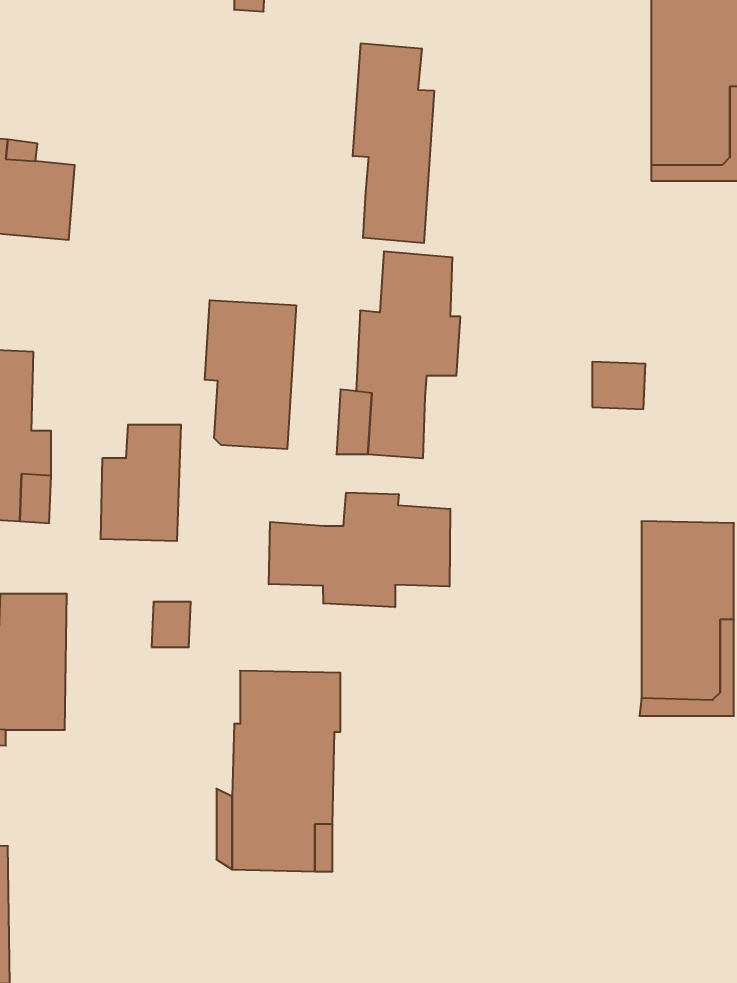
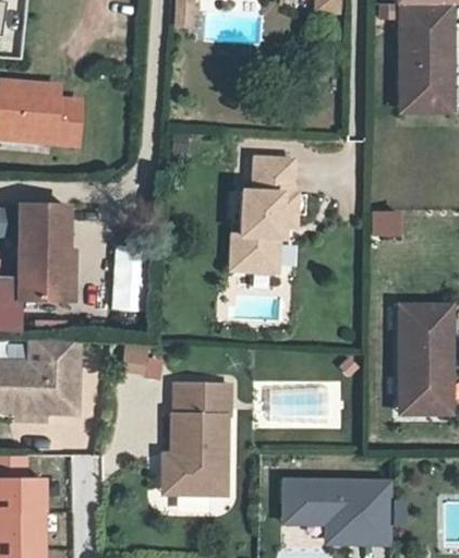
building: [353,43,434,243] -> none
building: [205,300,296,449] -> none
building: [269,493,450,607] -> none
building: none -> [290,480,390,546]

